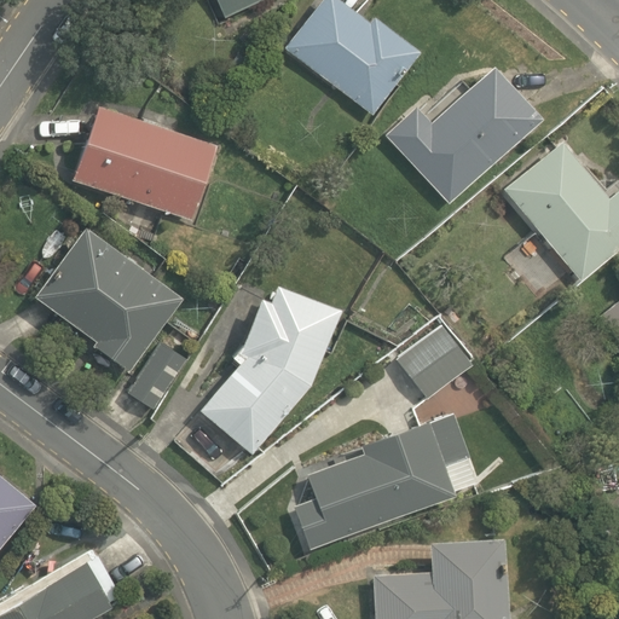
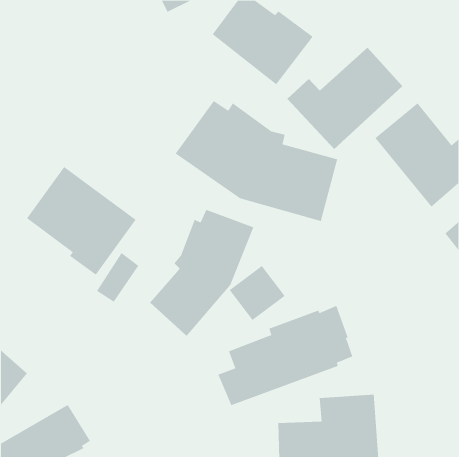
building: [73,105,218,221] -> none
building: none -> [175,100,338,222]
building: [395,325,472,400] -> [229,265,286,321]

